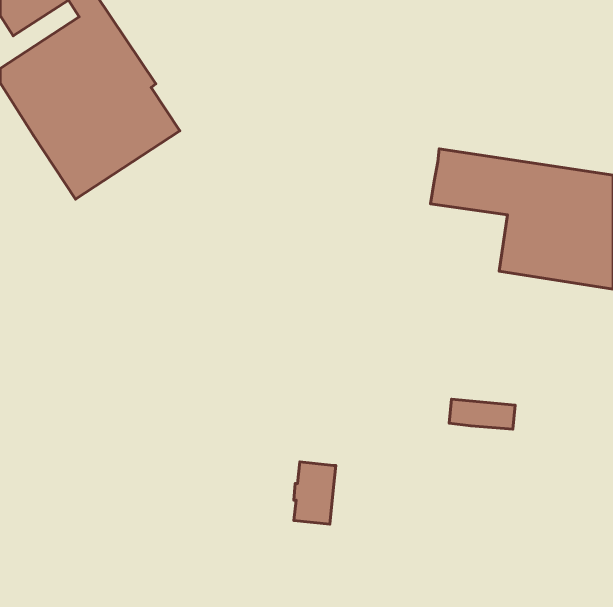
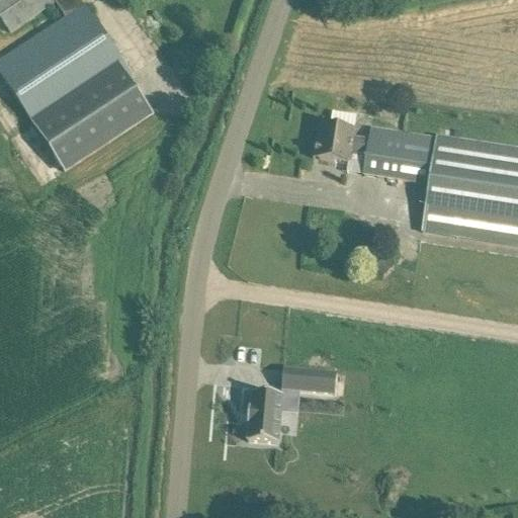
building: none -> [315,112,369,160]
building: [449,399,515,429] -> [282,366,338,392]

